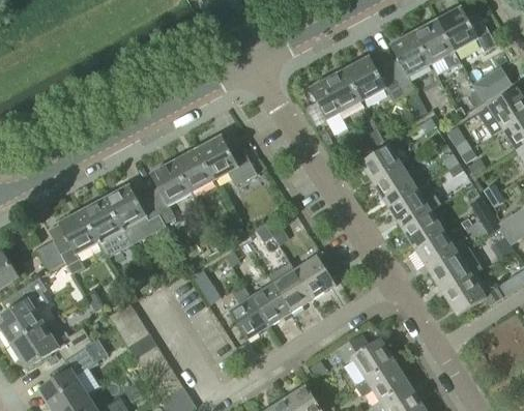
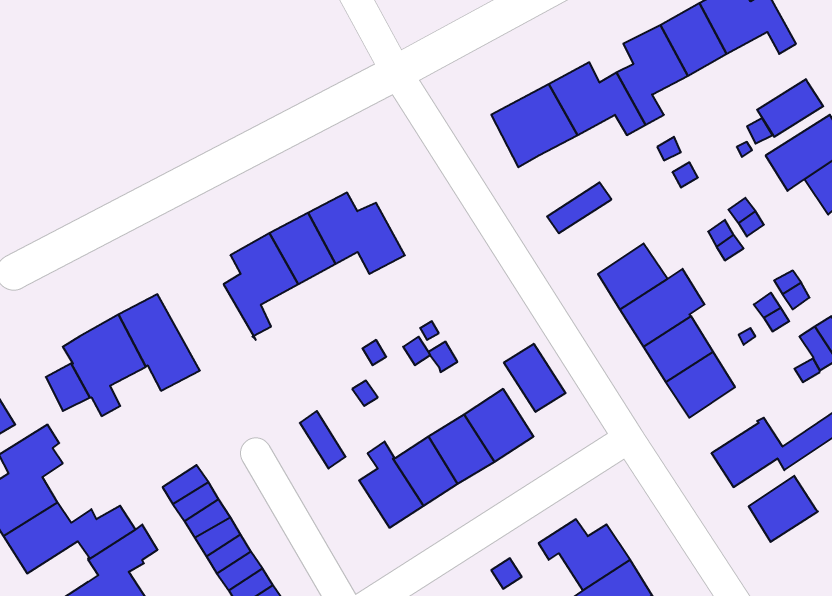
building: [360,144,403,185] -> none
building: [106,184,166,244] -> none
building: none -> [504,344,566,412]
building: [431,255,473,295] -> [749,476,818,542]

